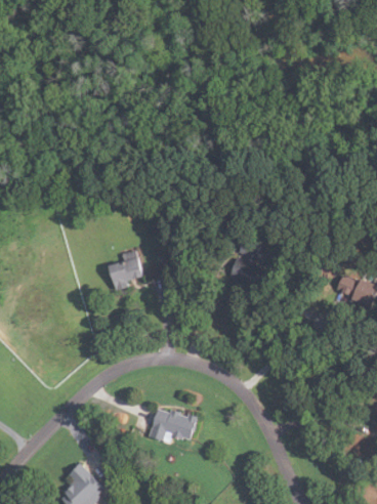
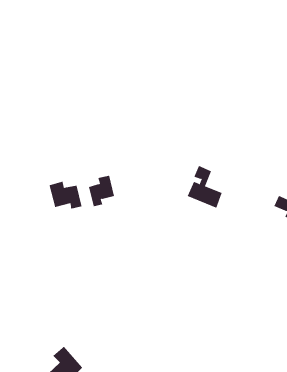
building: none -> [49,181,82,210]
building: [149,407,196,439] -> none

